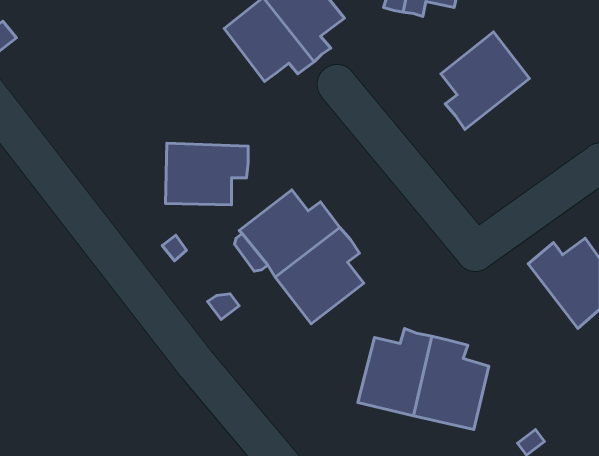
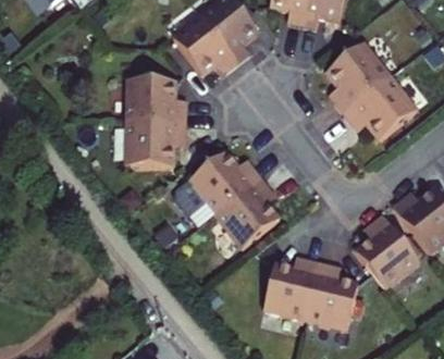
building: none -> [345,74,418,138]
building: none -> [130,78,189,123]
building: none -> [350,215,416,288]

